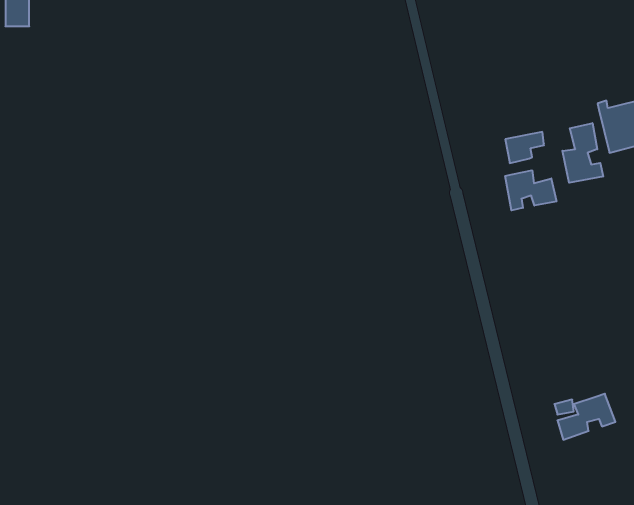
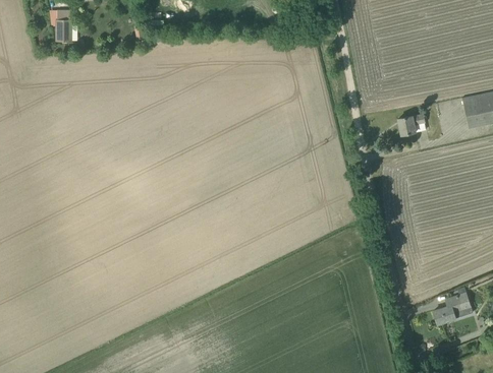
building: [562,123,603,183] -> none
building: [505,170,556,210] -> none

